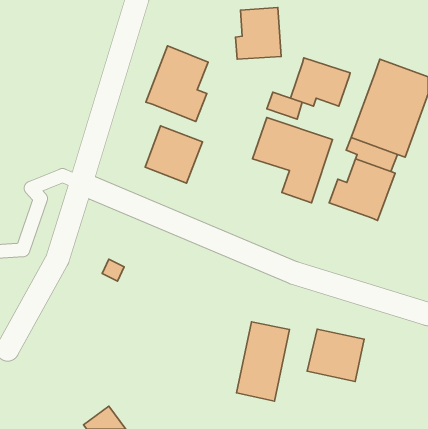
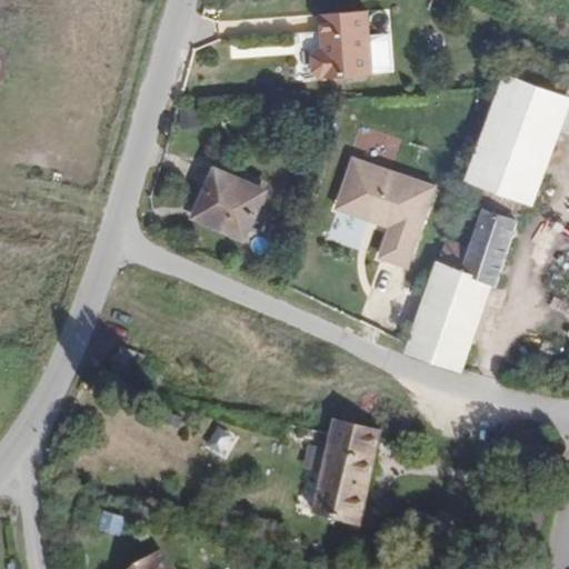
building: [146,46,208,121] -> none
building: [290,58,350,106] -> none
building: none -> [402,267,489,371]
building: [307,329,364,382] -> none

